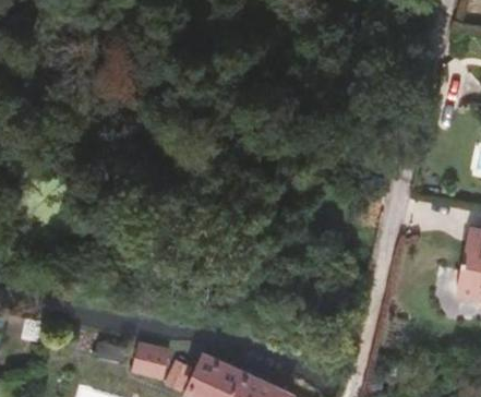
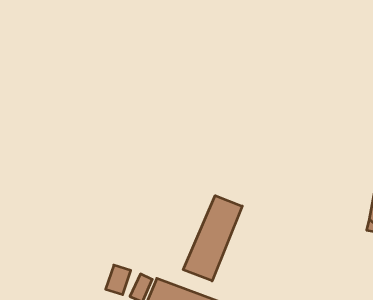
building: none -> [183,196,242,281]

